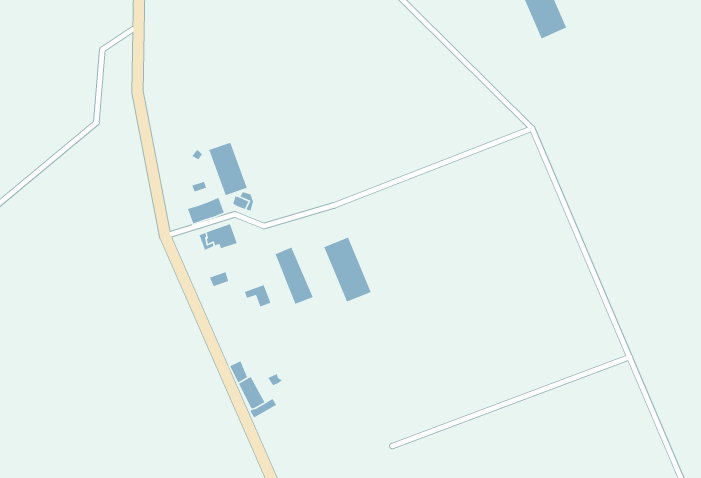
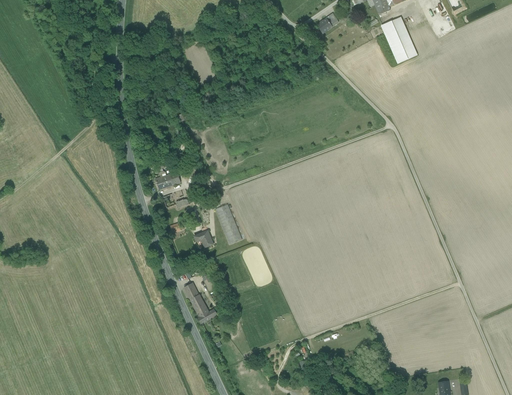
building: [208,142,248,196] -> none
building: [323,237,372,303] -> none

